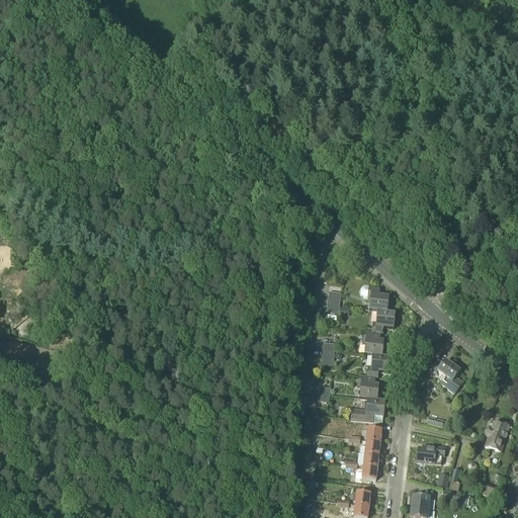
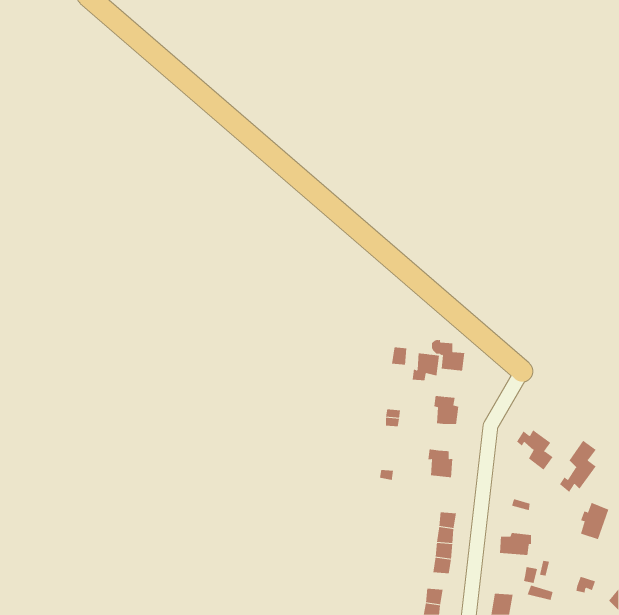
building: [371,309,395,332] -> [412,353,440,381]
building: [366,354,390,376] -> none
building: none -> [559,440,597,493]
building: [350,397,384,422] -> none

